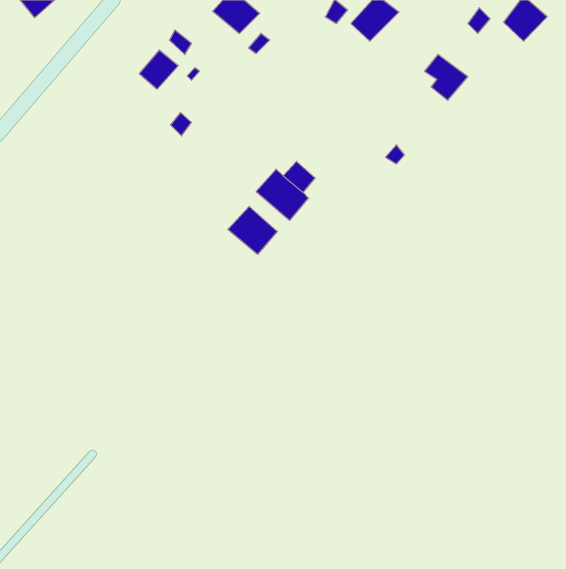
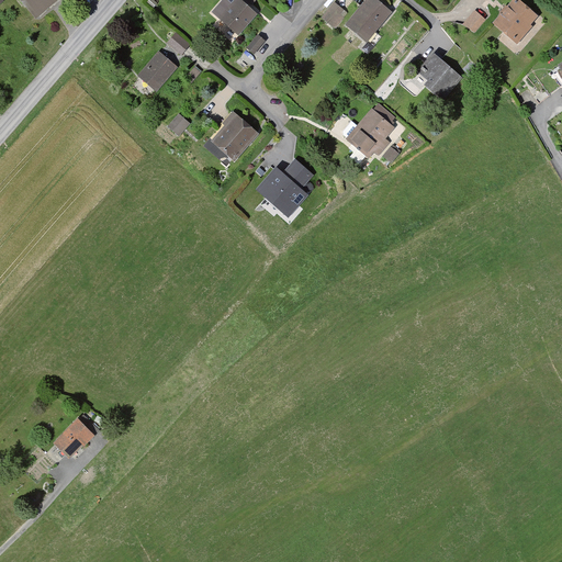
building: none -> [348,104,397,155]
building: none -> [212,113,259,159]
building: [228,206,277,254] -> none
building: none -> [49,417,97,464]

